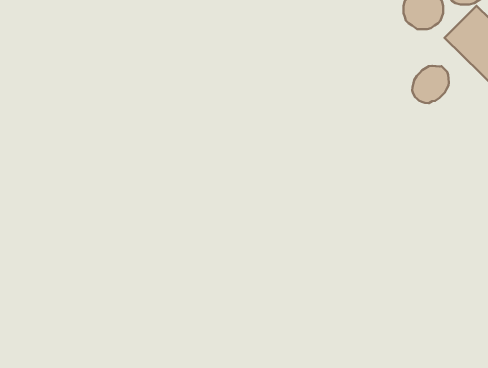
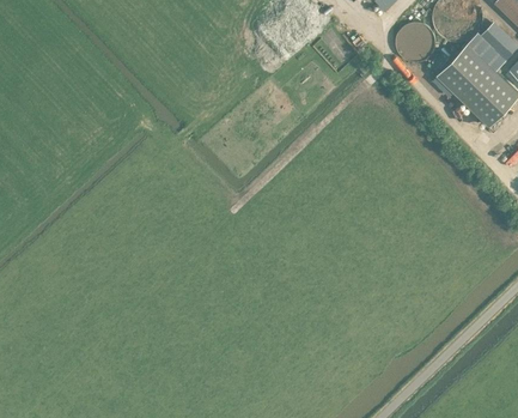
building: [412,66,449,103] -> none

